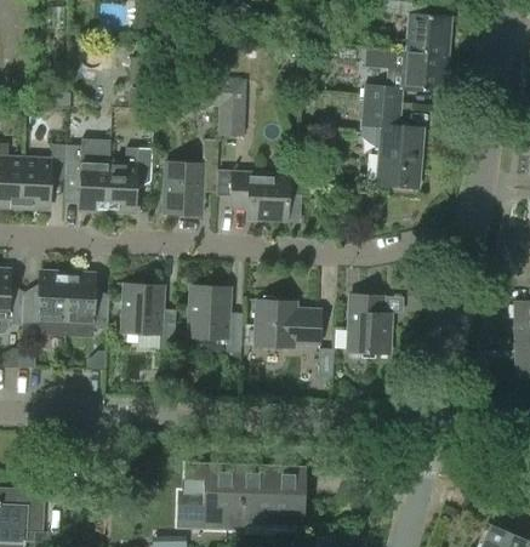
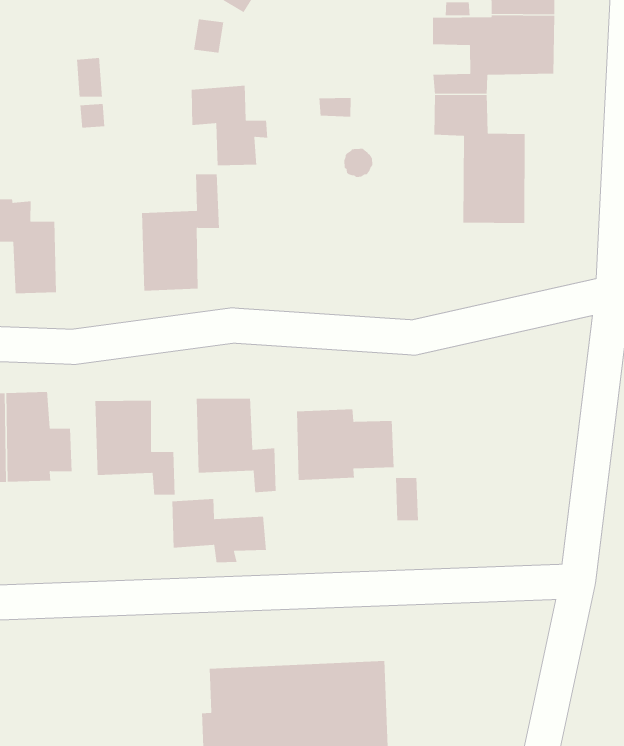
building: [106,148,152,211] -> none
building: [229,173,297,220] -> none
building: [348,294,405,358] -> none
building: none -> [171,498,267,563]

